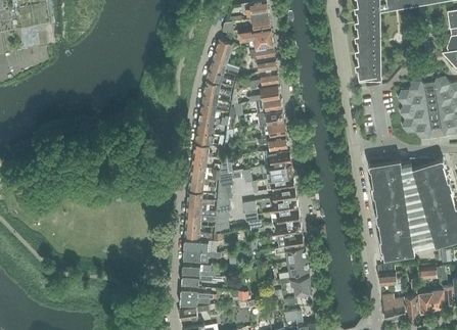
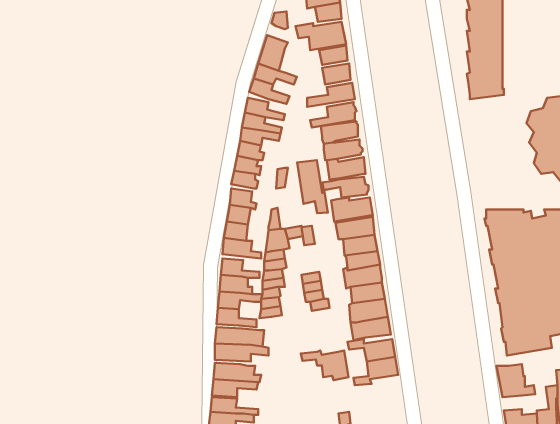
building: none -> [297,160,328,213]
building: [279,276,312,296] -> [301,351,349,380]

